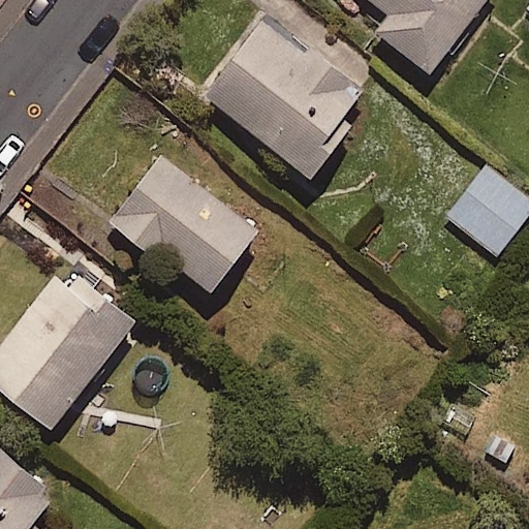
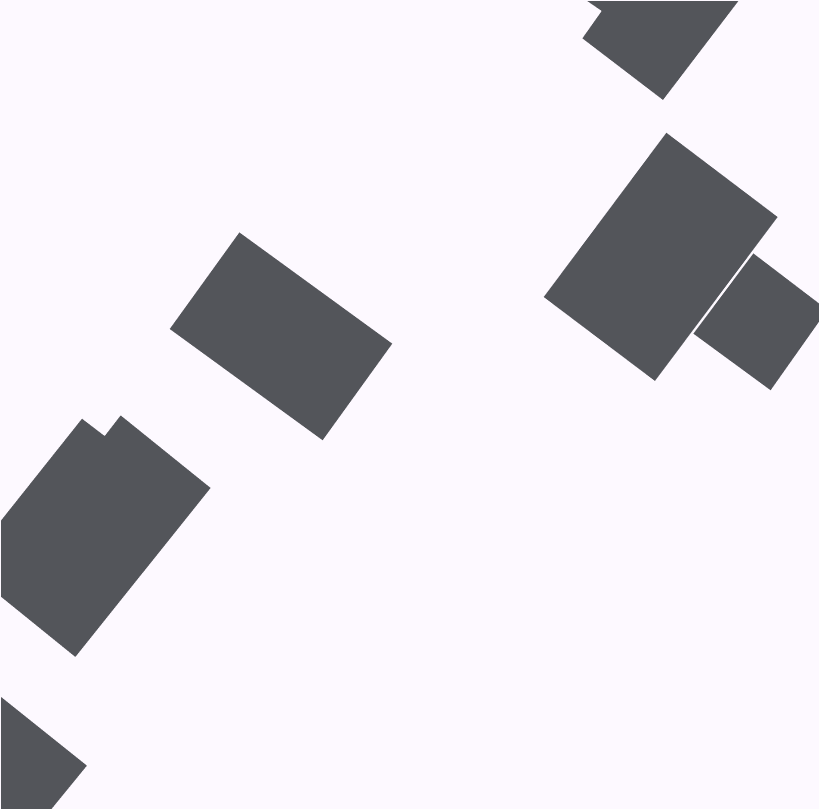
building: [204,15,371,177] -> none
building: none -> [542,132,779,382]

